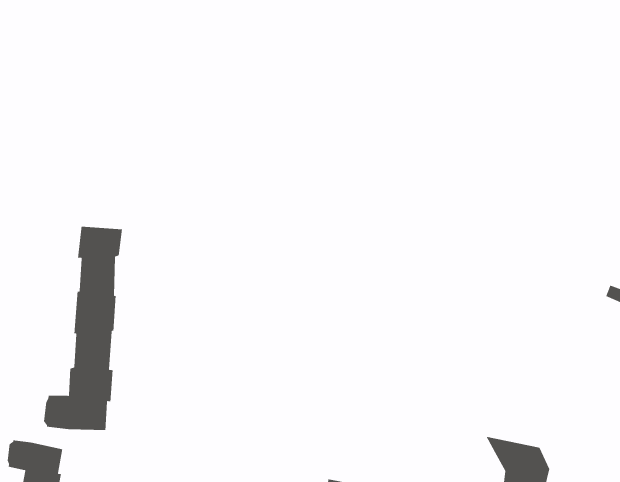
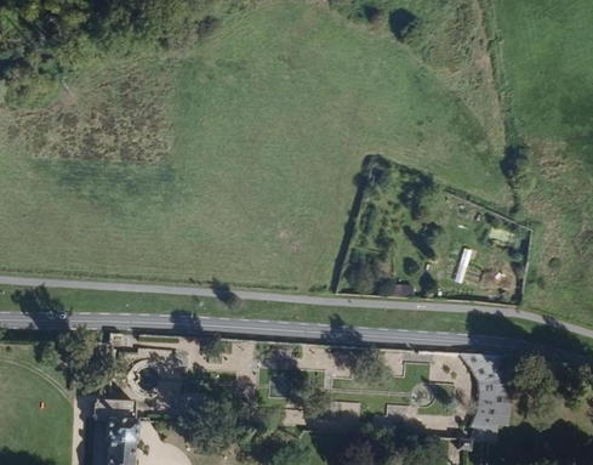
building: [43,226,123,431] -> none

